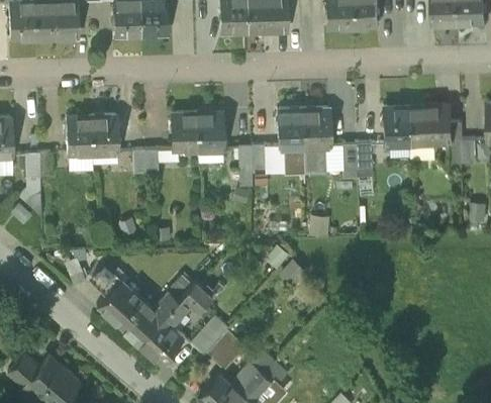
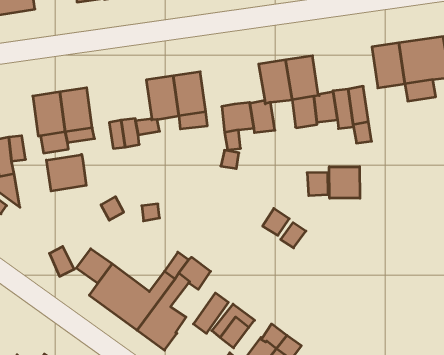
building: [284,147,304,174] -> none
building: none -> [46,154,86,191]
building: none -> [329,167,360,198]

